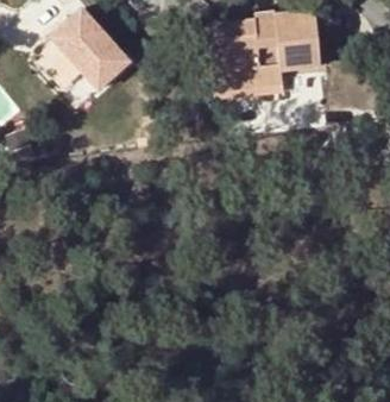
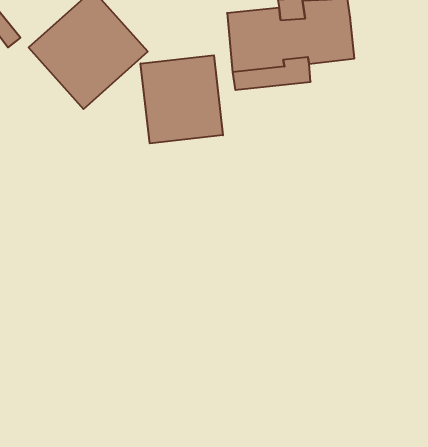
building: none -> [141,55,223,143]

